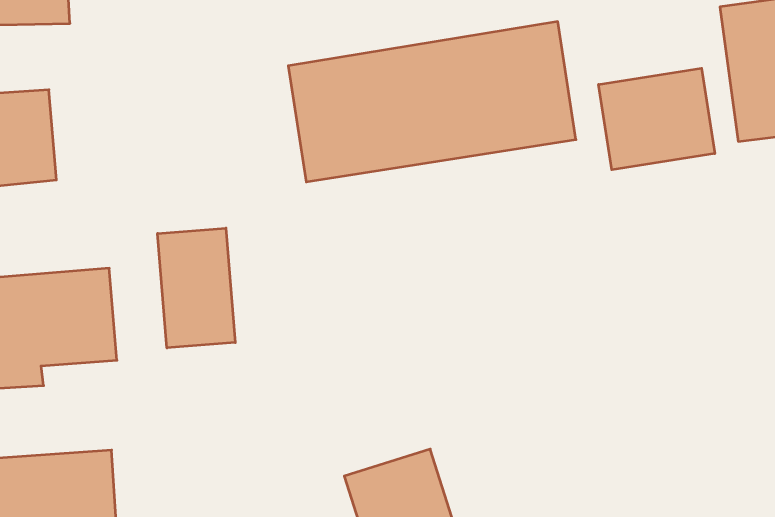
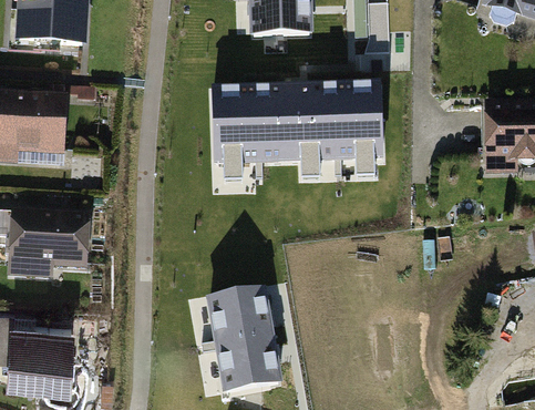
building: [599,68,715,170] -> none
building: [158,228,235,348] -> none
building: none -> [208,294,271,351]

